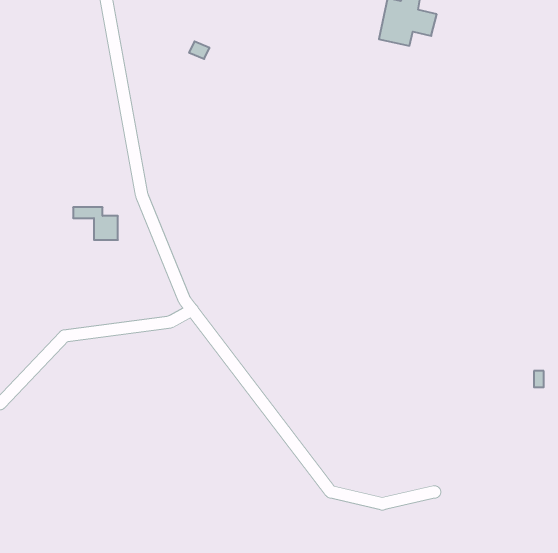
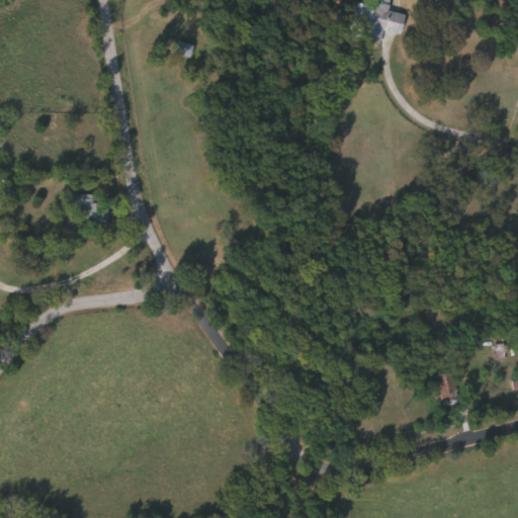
building: none -> [436,369,461,406]

